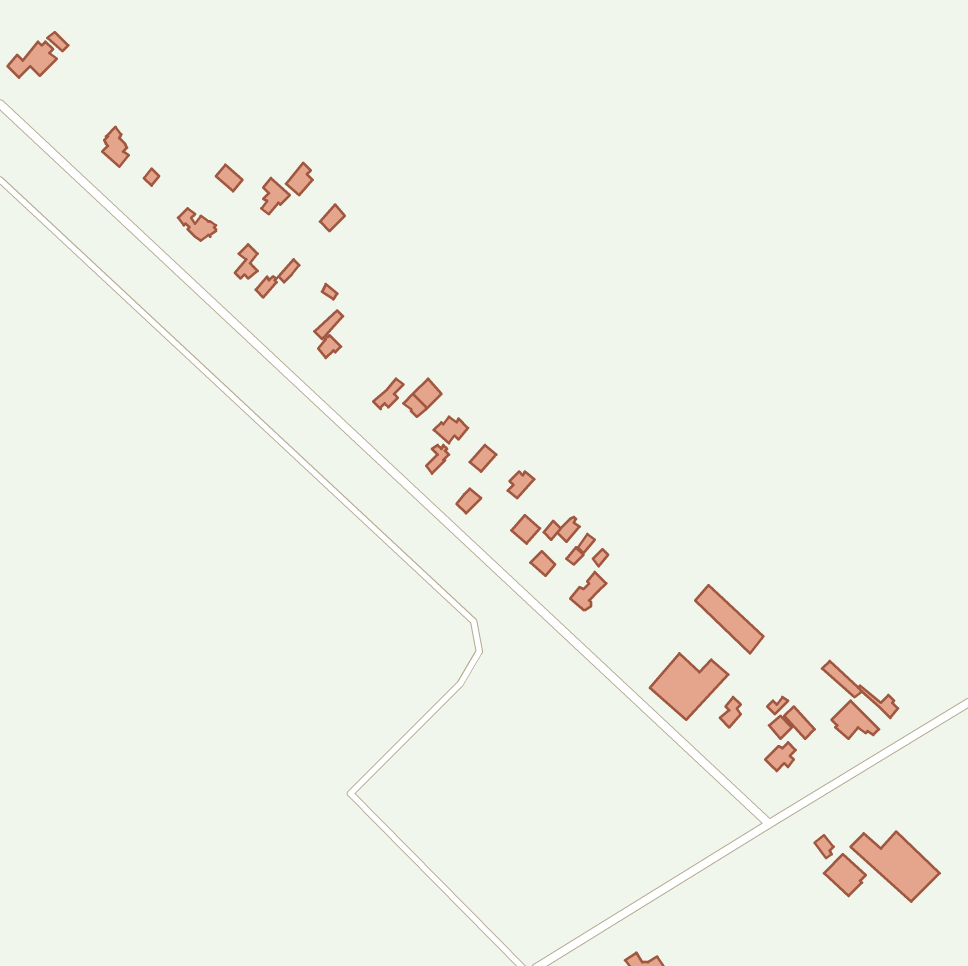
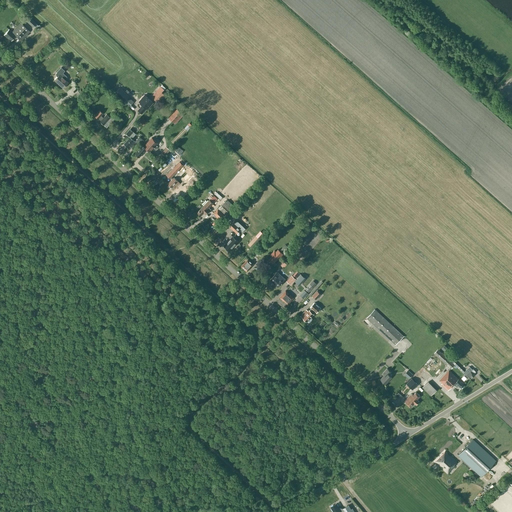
building: [650,653,728,720] -> none

